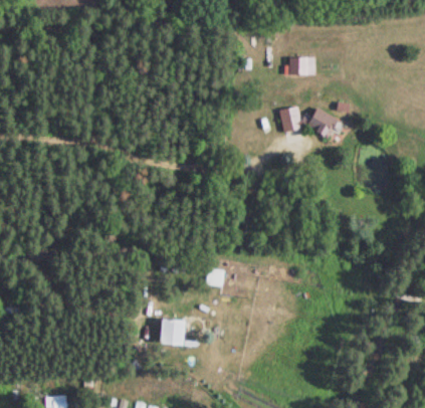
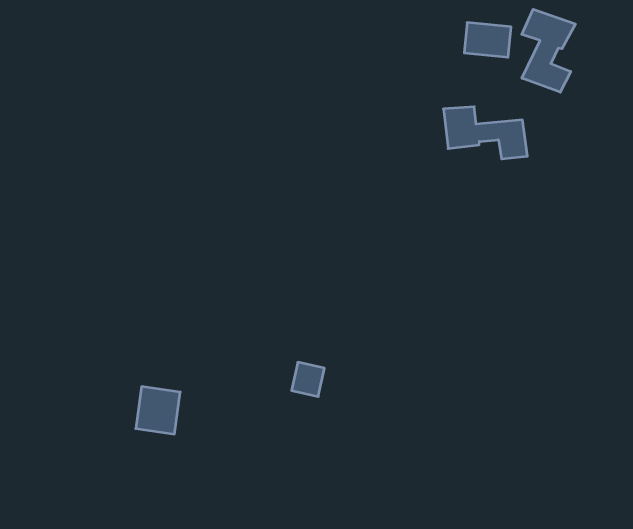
building: none -> [522,9,575,92]
building: [160,319,184,345] -> [136,387,180,434]

